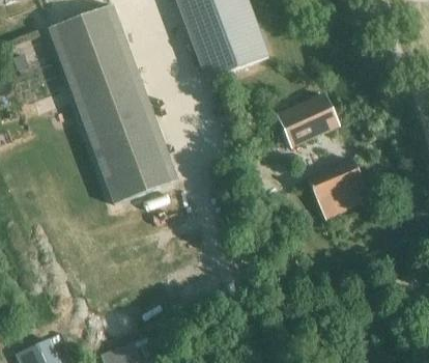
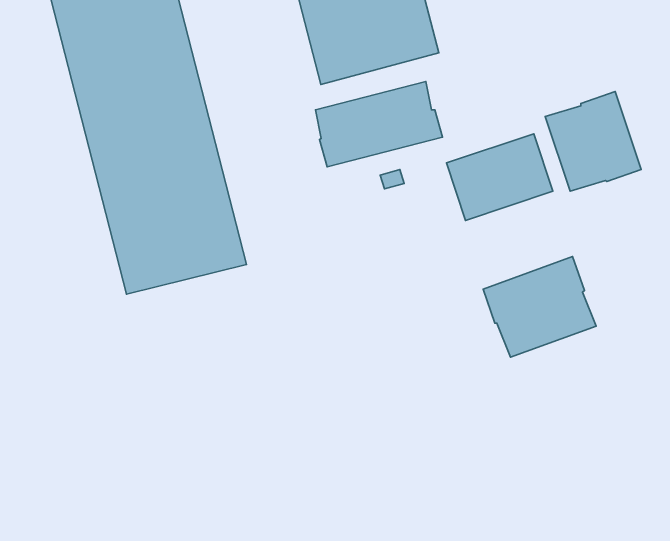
building: none -> [545,92,641,191]
building: none -> [315,81,442,167]

